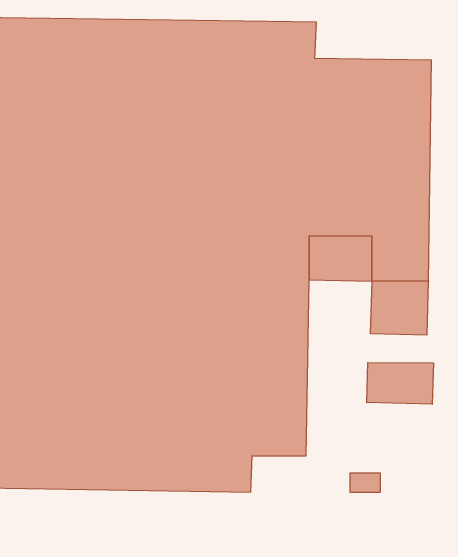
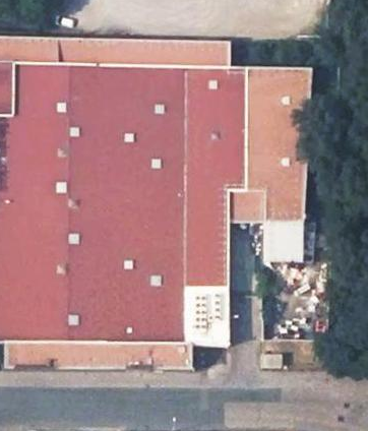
building: [367,363,433,404] -> none

